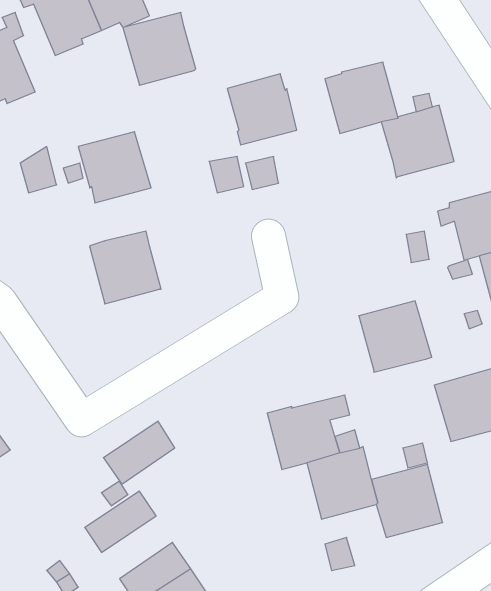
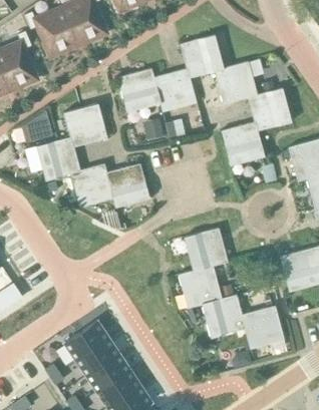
building: [123,12,196,85] -> [116,68,161,112]
building: none -> [180,34,223,78]
building: none -> [221,121,264,165]
building: none -> [36,136,79,180]
building: none -> [106,163,148,207]
building: [359,301,432,372] -> [184,228,228,271]
building: [103,421,175,484] -> [77,336,120,374]

